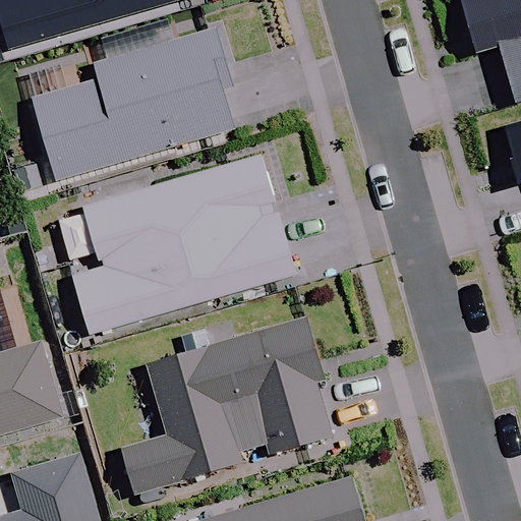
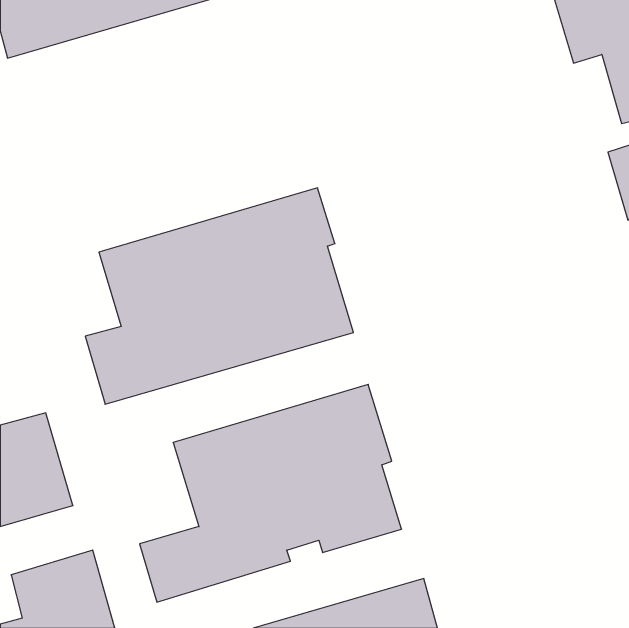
building: [33,27,232,179] -> none

